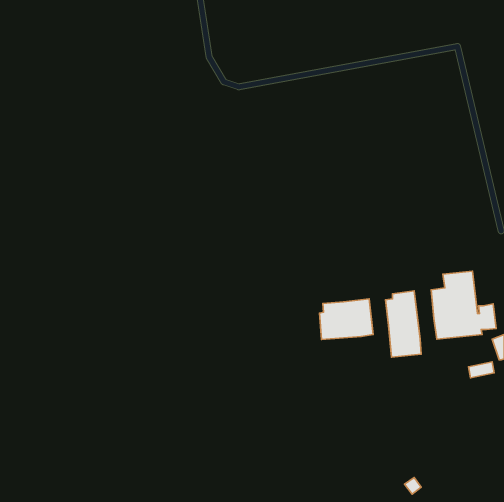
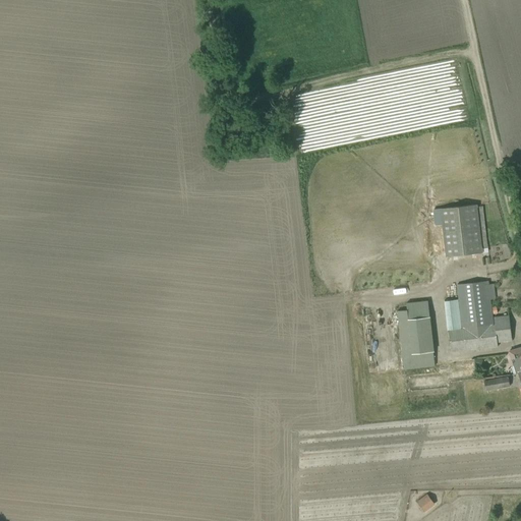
building: none -> [441,202,481,255]
building: [319,299,373,339] -> none

